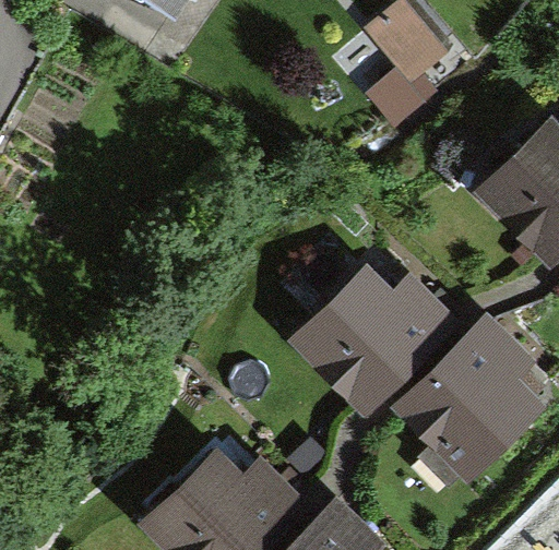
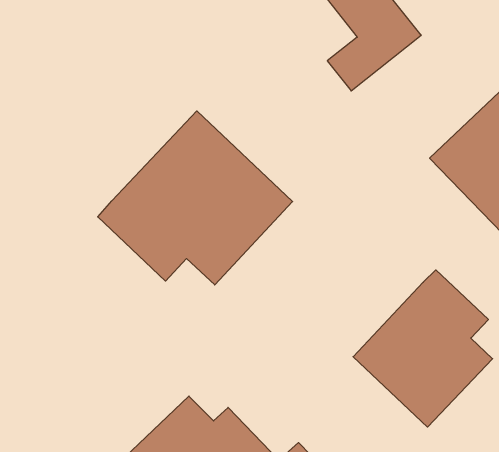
building: none -> [98,111,293,285]
building: [295,270,467,421] -> none

